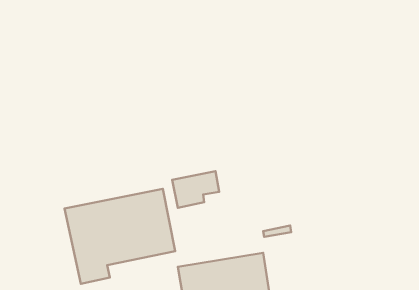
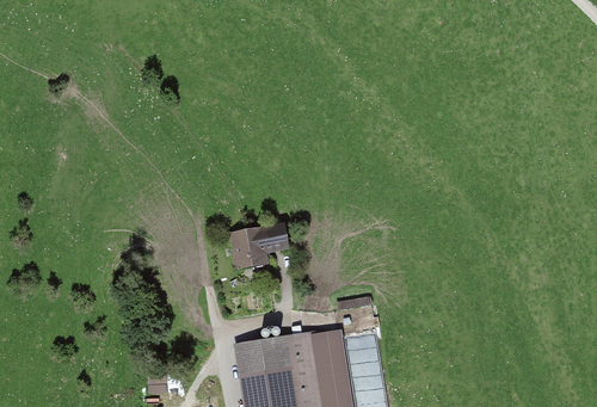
building: [64,189,175,284] -> none

